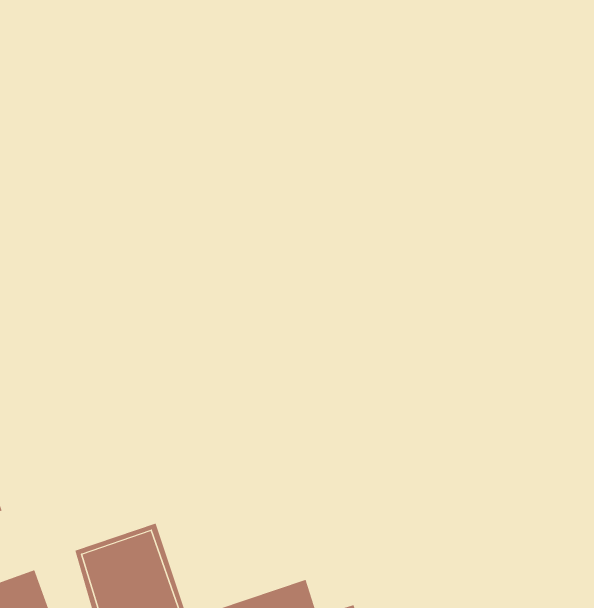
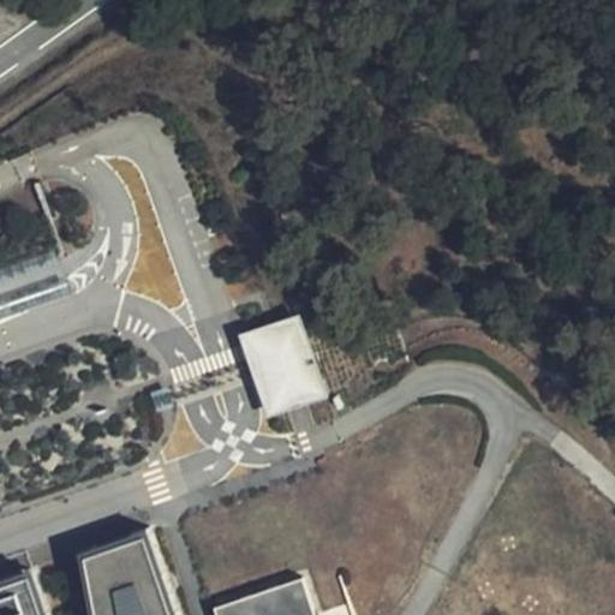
building: none -> [256,332,318,411]

